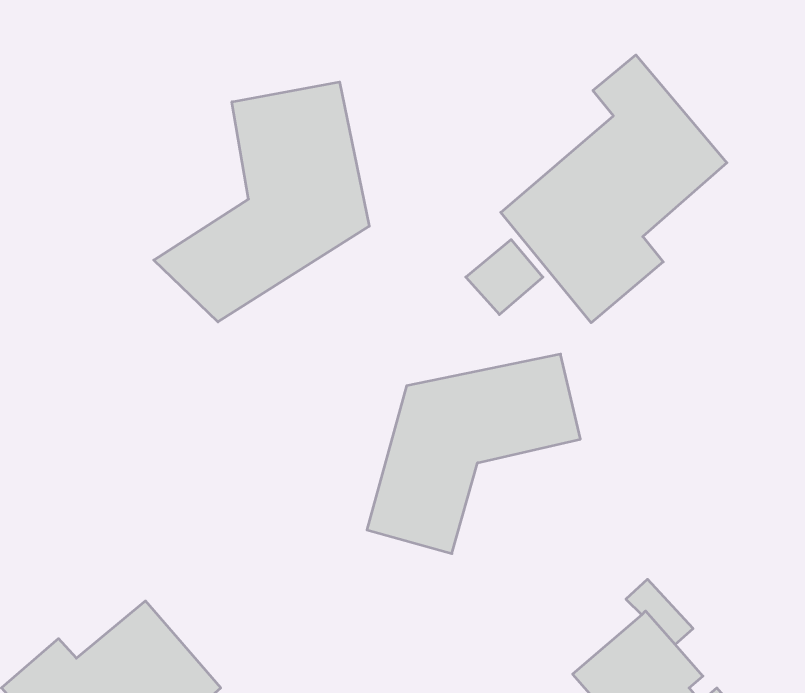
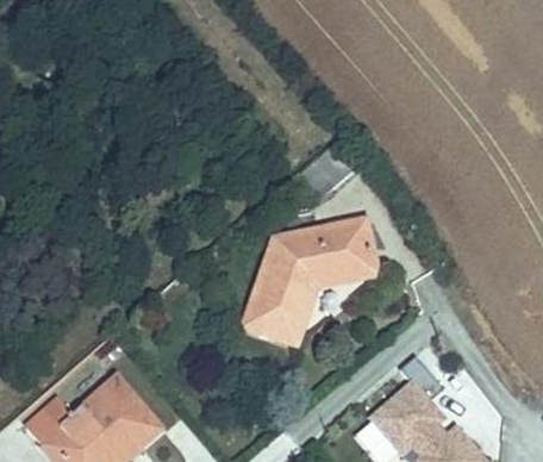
building: [501,55,727,323] -> none
building: [154,82,369,322] -> none

